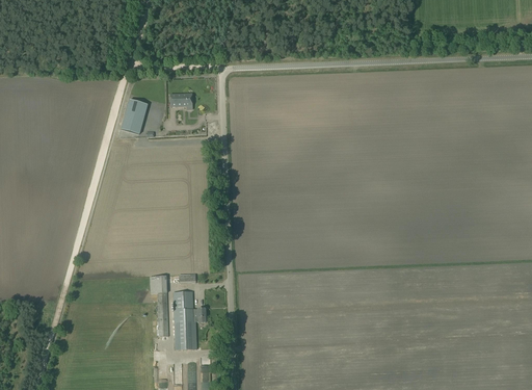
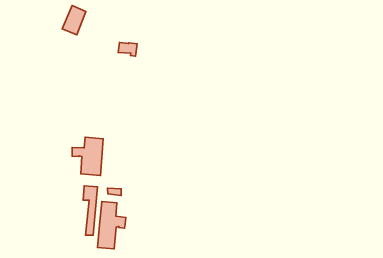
building: [122,99,148,134] -> [62,6,86,35]
building: none -> [72,137,103,175]

